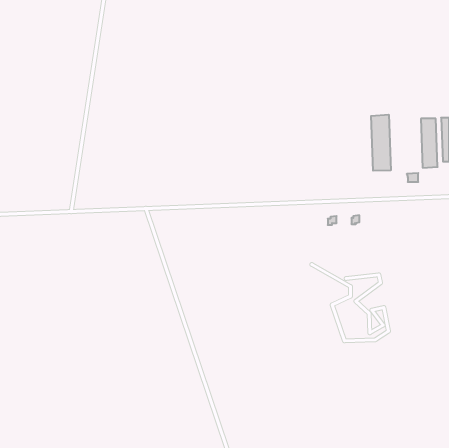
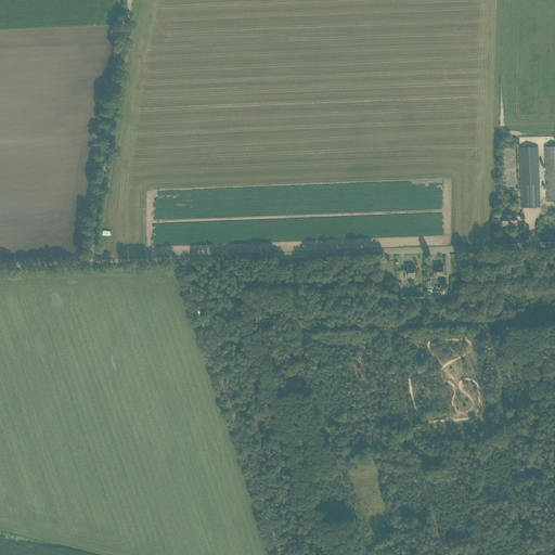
building: [371,115,391,171] -> none

